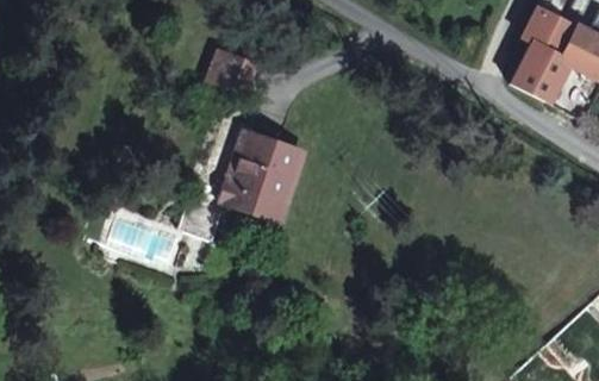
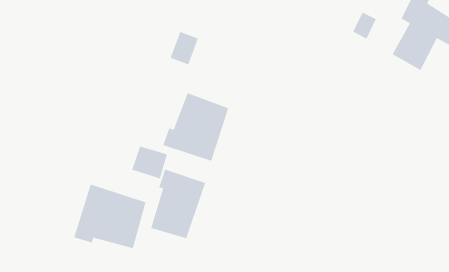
building: none -> [150,168,206,239]
building: none -> [73,184,146,249]

